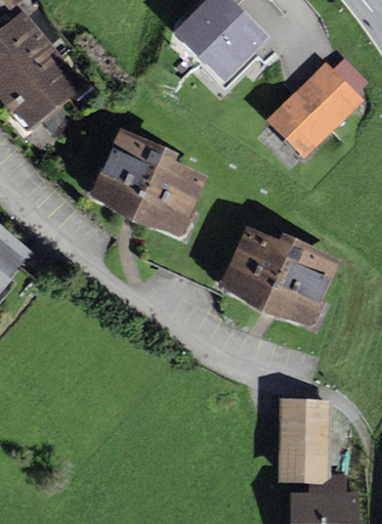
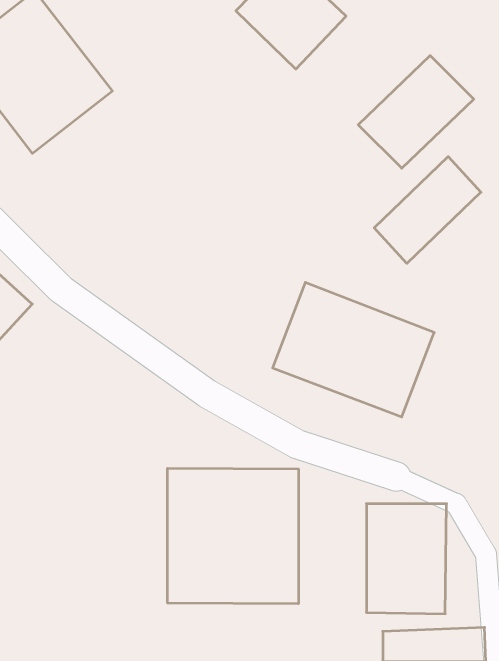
building: [76,136,190,244] -> none
building: none -> [374,157,481,263]
building: none -> [168,468,298,604]

